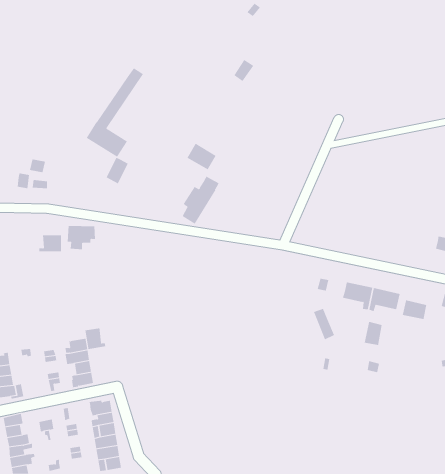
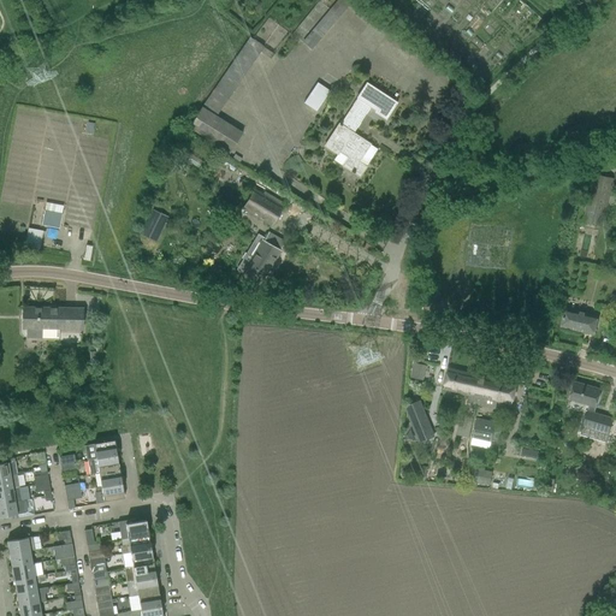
building: none -> [325,82,398,176]
building: [86,67,144,158] -> [189,37,263,153]
building: [67,225,96,250] -> [23,306,60,337]
building: [402,300,427,320] -> none
building: [85,327,106,350] -> none

